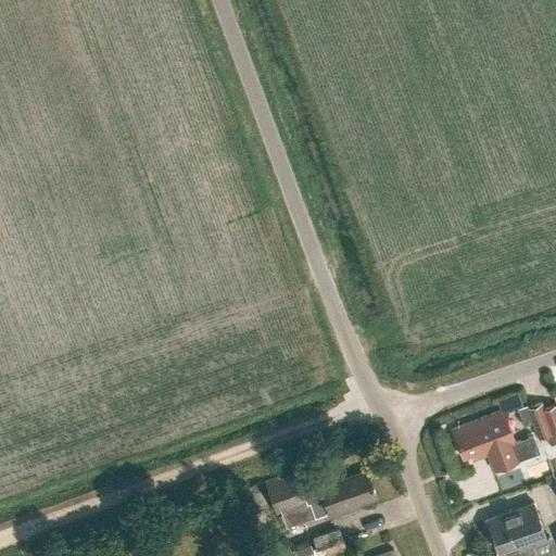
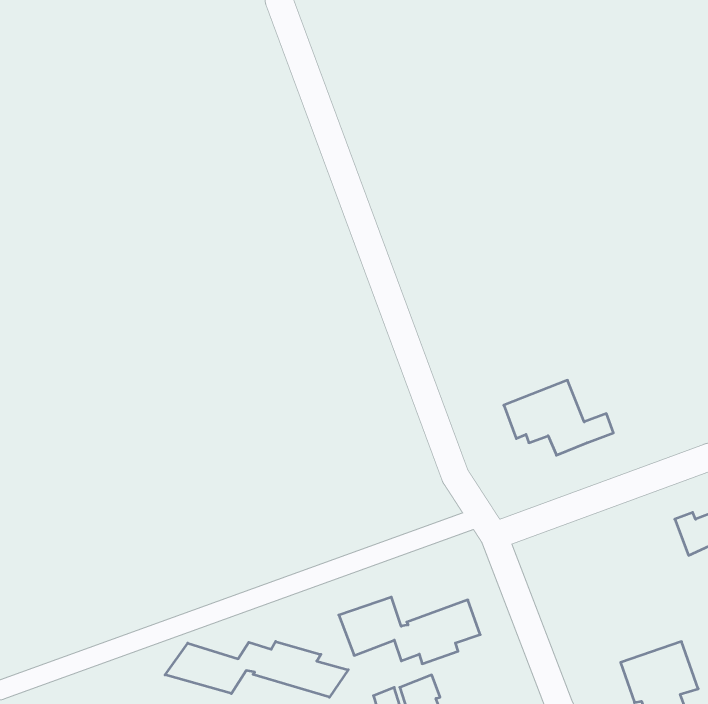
building: [454,414,540,472] -> [504,380,613,455]
building: none -> [165,641,348,697]

